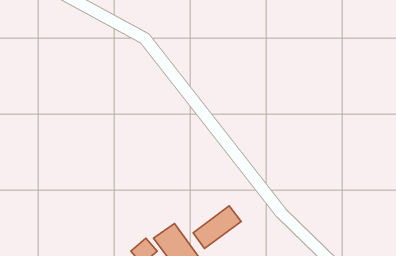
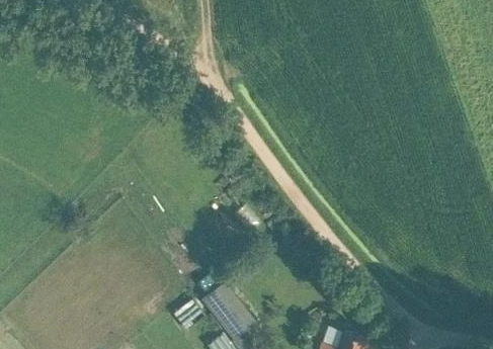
building: [193,206,241,248] -> none

